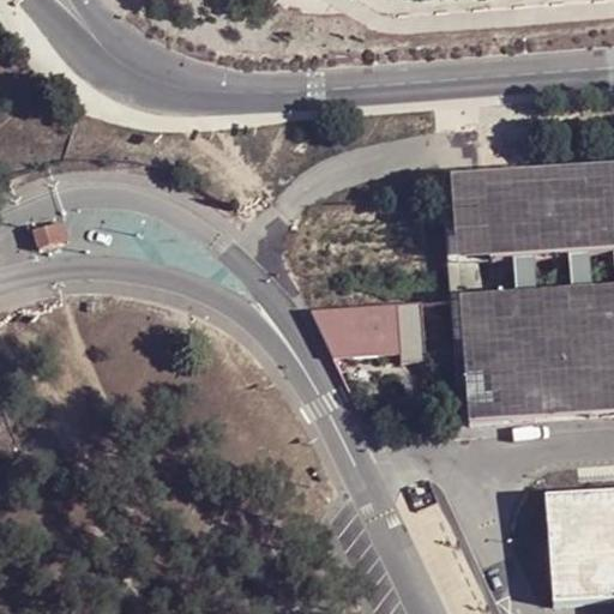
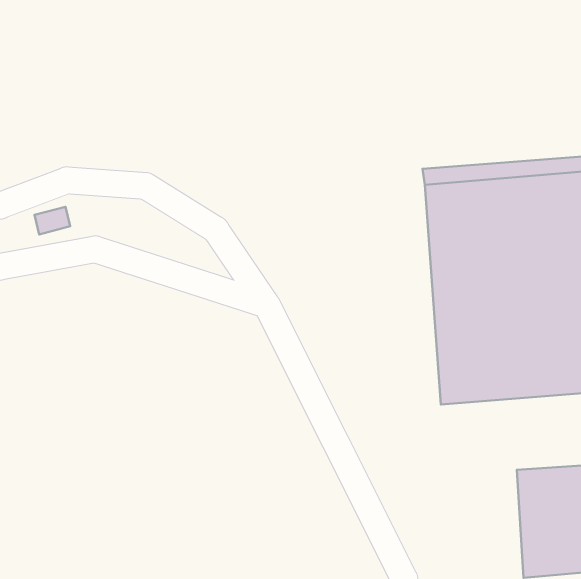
building: [317,302,429,356] -> none

